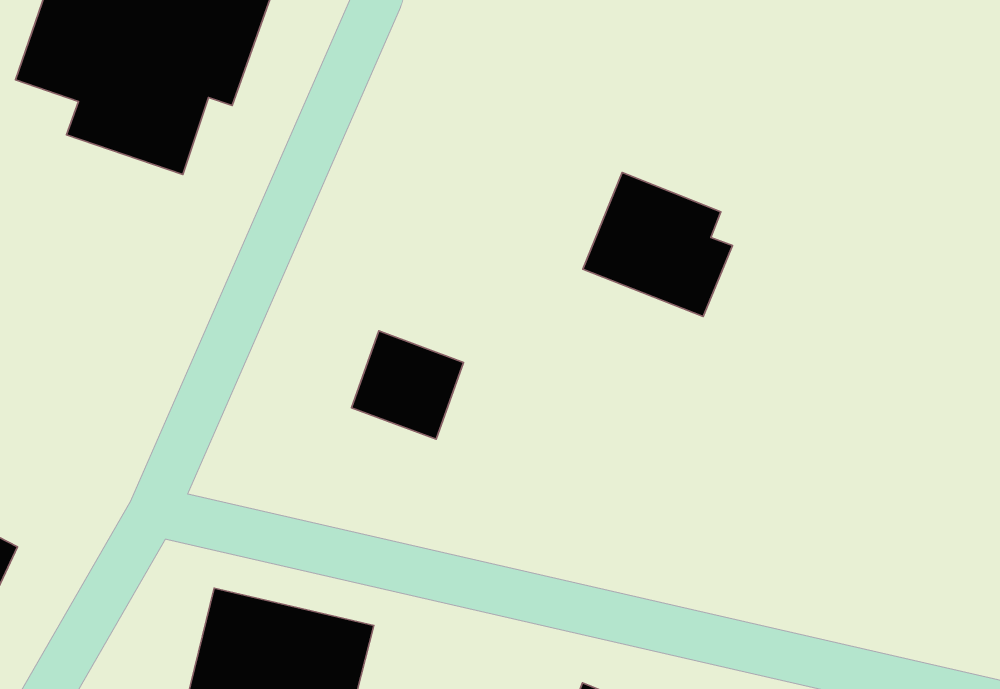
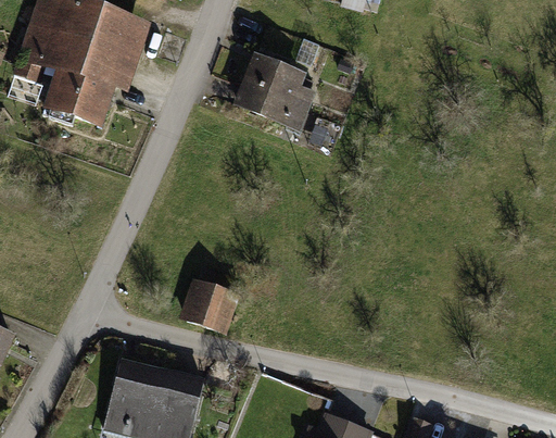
building: [583,173,733,316] -> [233,50,316,129]
building: [351,331,464,439] -> [178,276,240,336]

